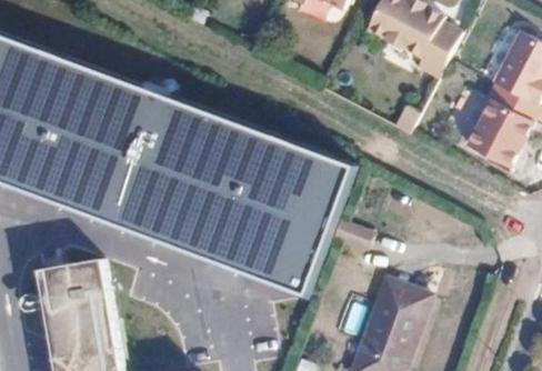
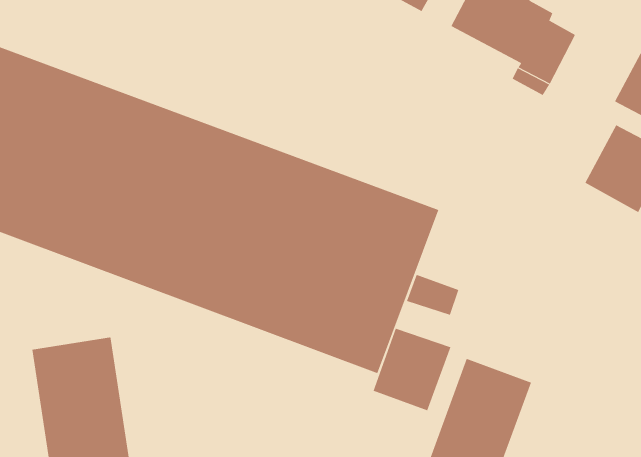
building: none -> [373,328,451,411]

